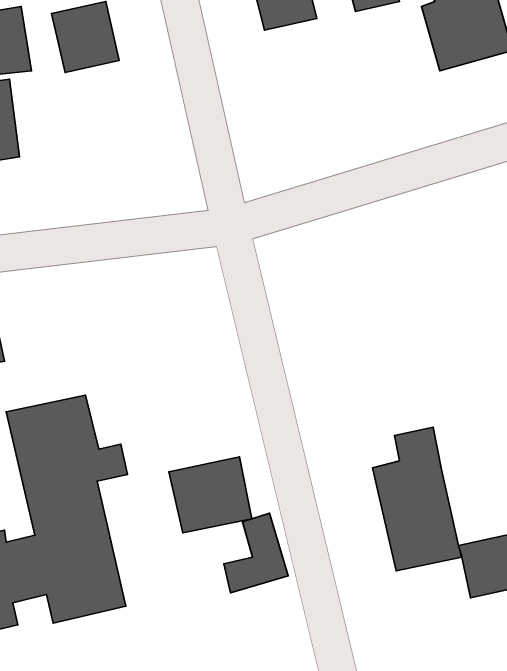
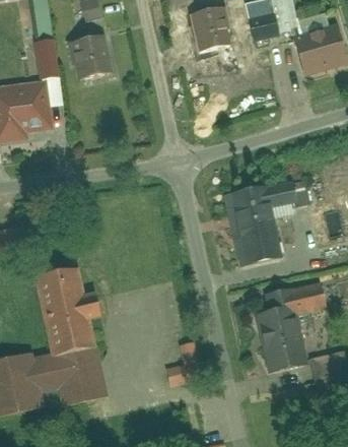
building: none -> [230,180,302,266]
building: none -> [296,281,333,314]
building: [169,457,252,533] -> none

